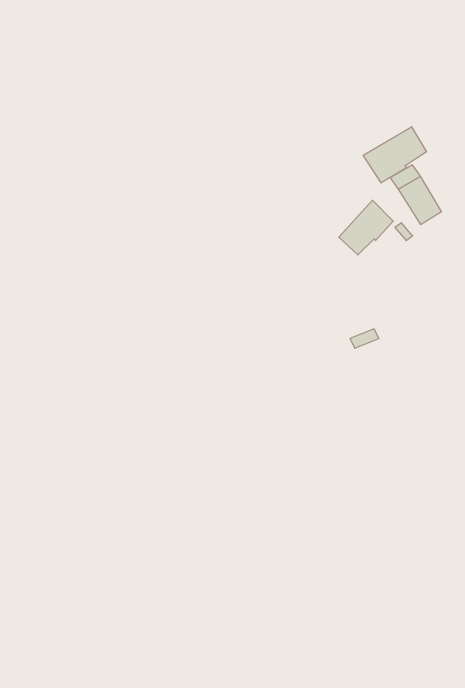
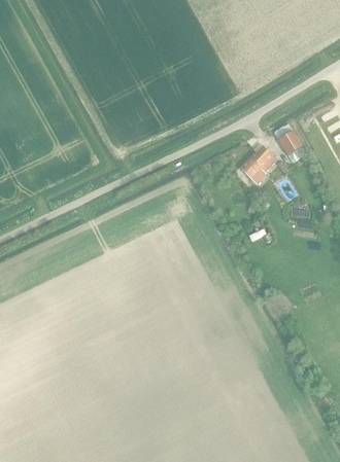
building: [363,127,426,183] -> none

